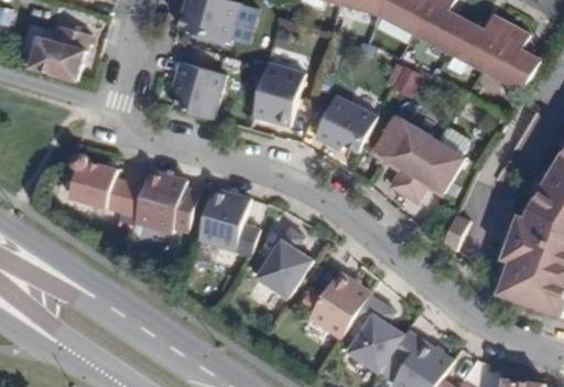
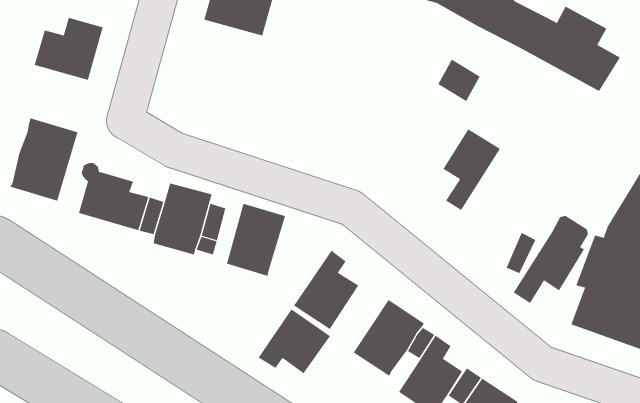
building: [171,61,221,119] -> none
building: [251,63,304,127] -> none
building: [314,96,377,152] -> none
building: none -> [10,117,78,202]
building: [402,127,468,204] -> [513,215,589,304]
building: none -> [258,308,331,374]

